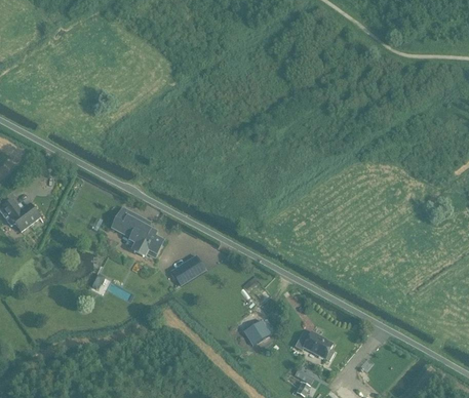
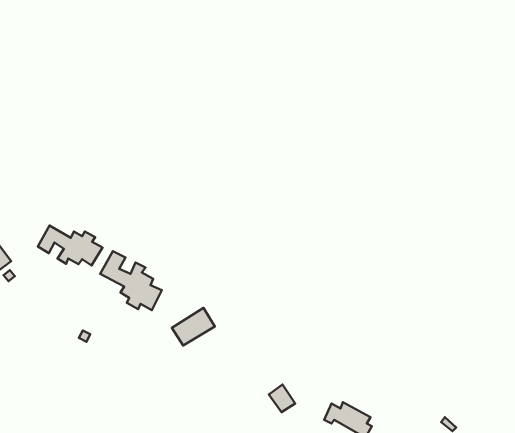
building: none -> [38,225,103,265]

